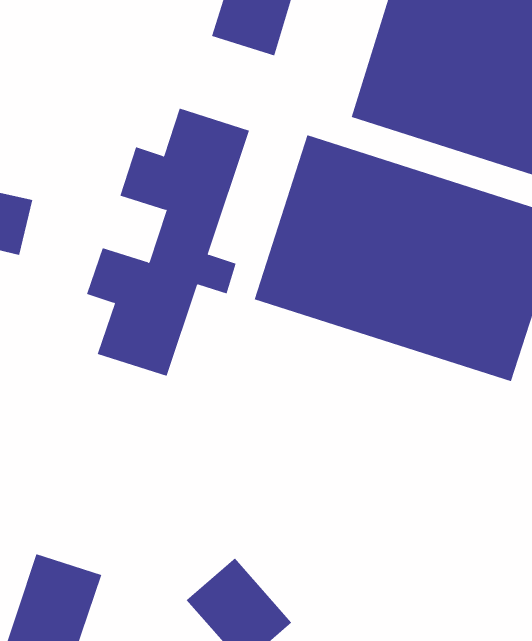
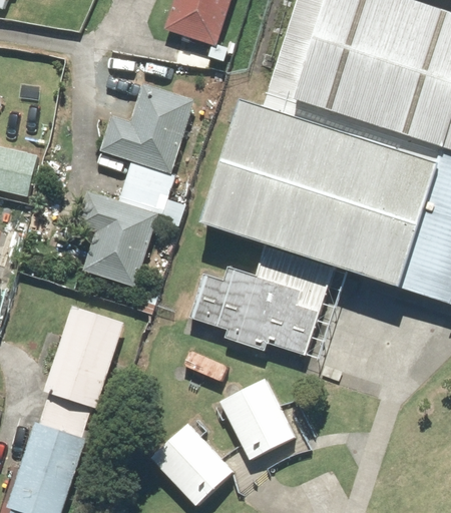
building: none -> [188,266,319,355]
building: none -> [46,302,127,409]
building: none -> [216,378,293,460]

